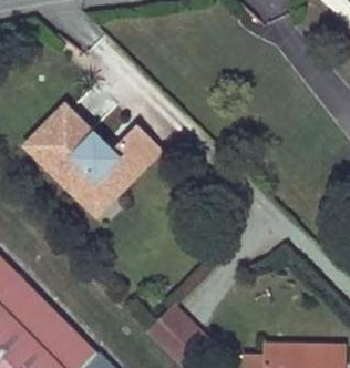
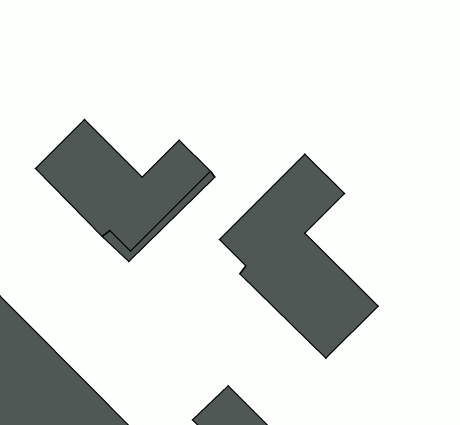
building: none -> [220,154,378,358]

